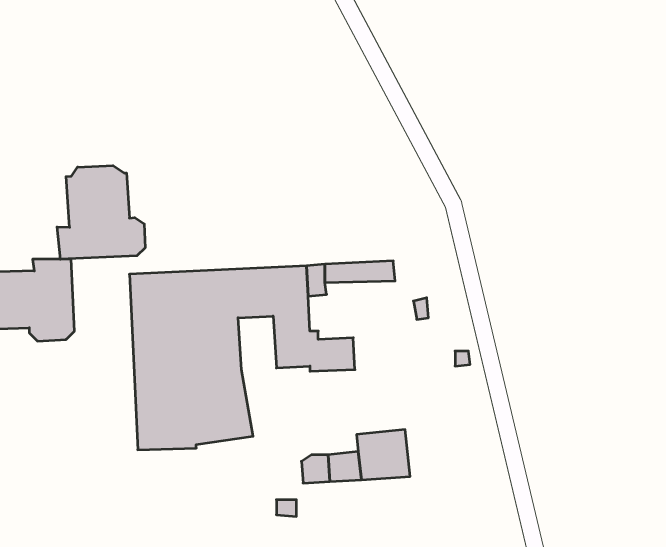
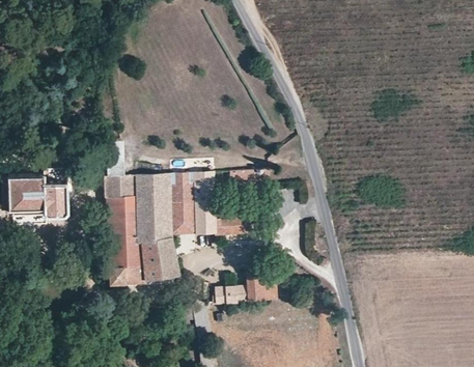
building: [57,166,145,259] -> none
building: none -> [171,202,195,235]

